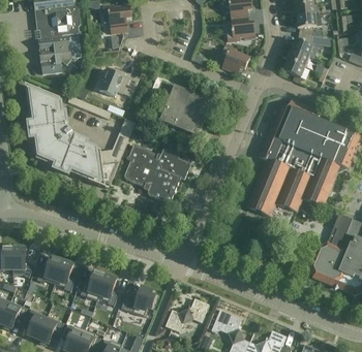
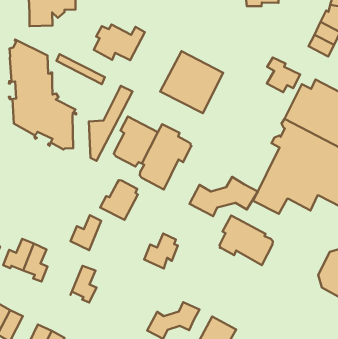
building: [221,43,250,72] -> [267,58,300,92]
building: none -> [189,177,258,216]
building: none -> [100,180,138,220]
building: none -> [219,216,273,265]
building: [81,270,105,300] -> [71,215,101,250]
building: [127,286,155,316] -> [144,233,178,268]

